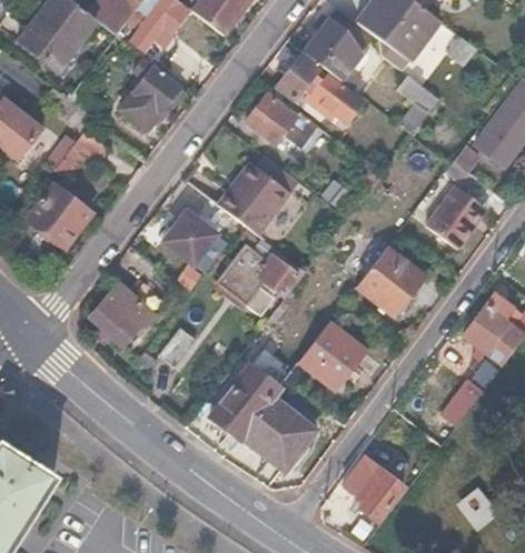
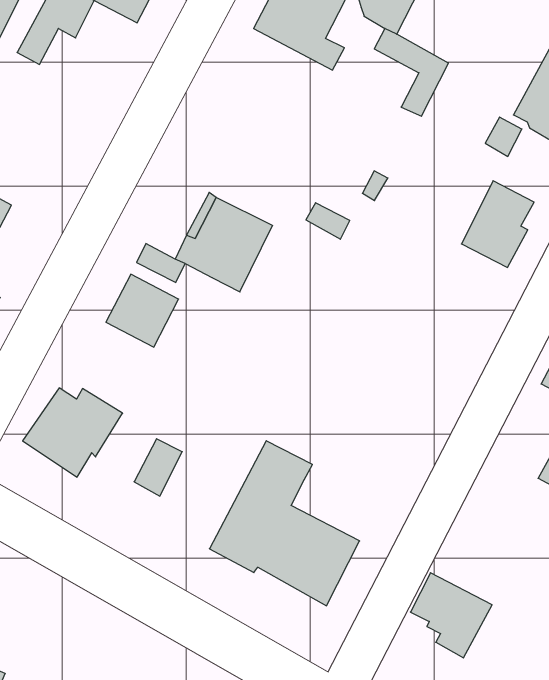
building: [277,54,363,123] -> none
building: [119,59,180,132] -> none
building: [246,93,318,148] -> none
building: [215,237,298,318] -> none
building: [357,245,425,313] -> none
building: [299,320,367,389] -> none

